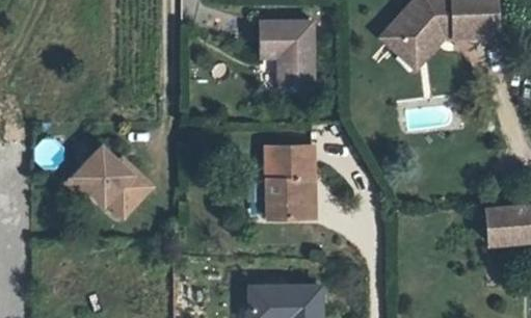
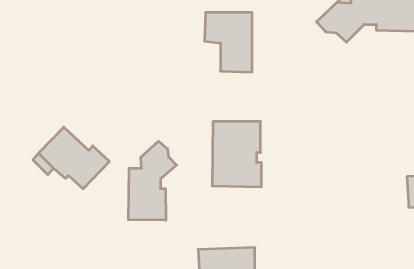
building: [376,31,449,72] -> none
building: none -> [128,141,177,220]

